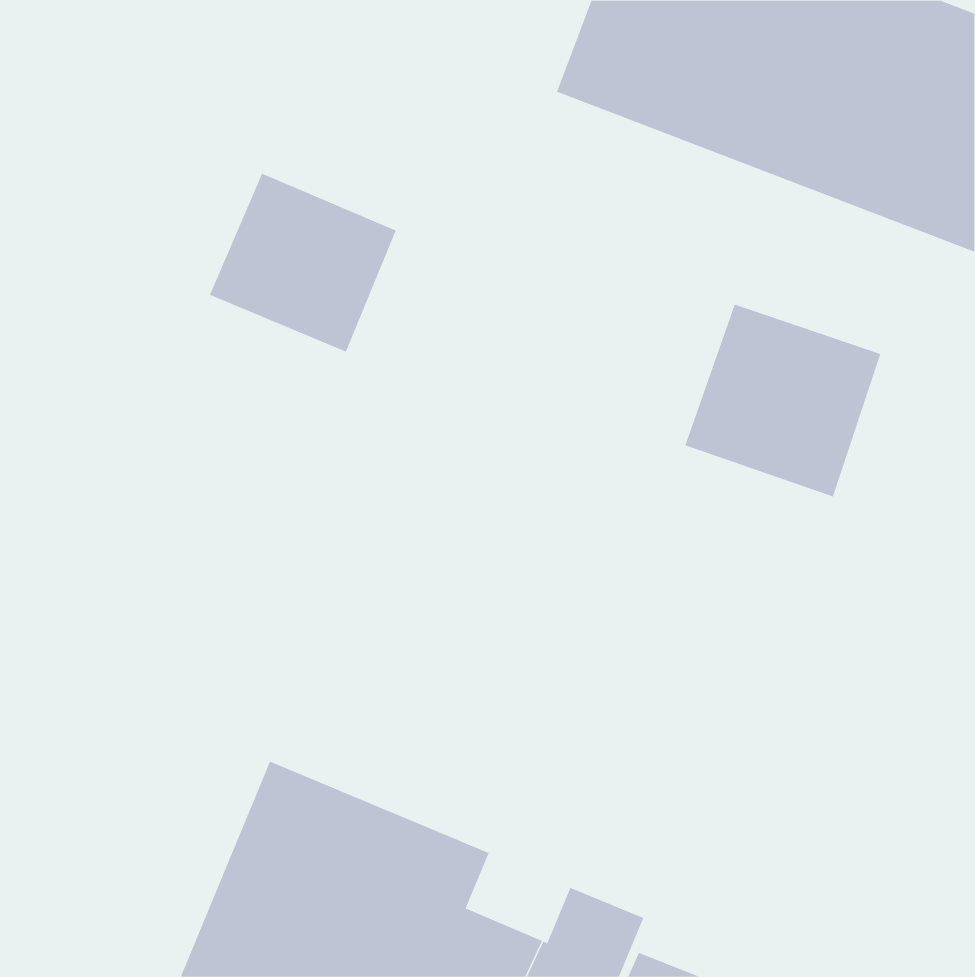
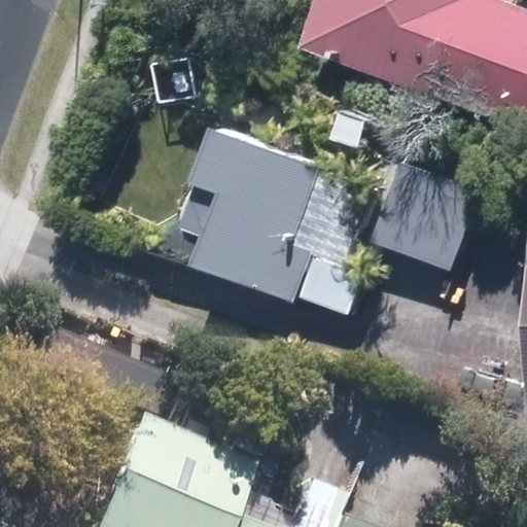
building: [209,173,397,352] -> none
building: none -> [175,125,370,304]

